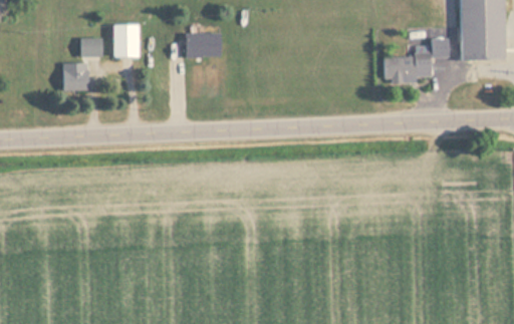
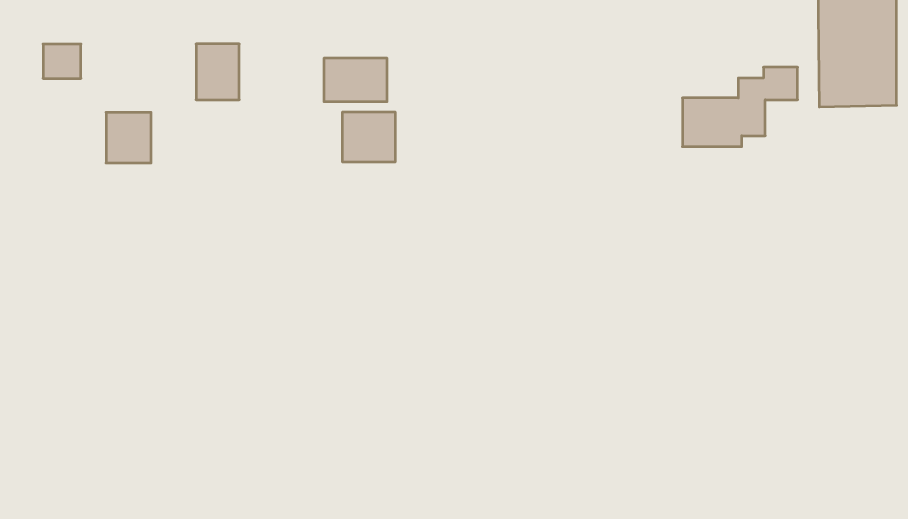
building: [81,37,102,56] -> [43,44,81,78]
building: none -> [343,112,395,162]

